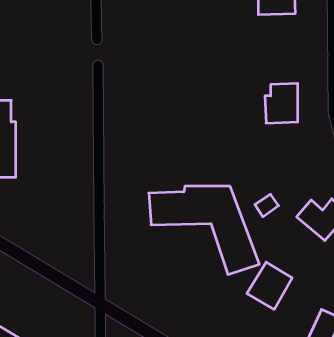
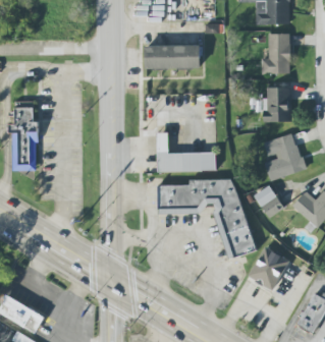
building: none -> [261,34,288,74]
building: none -> [142,46,197,69]
building: none -> [154,133,214,172]
building: none -> [263,133,305,180]

